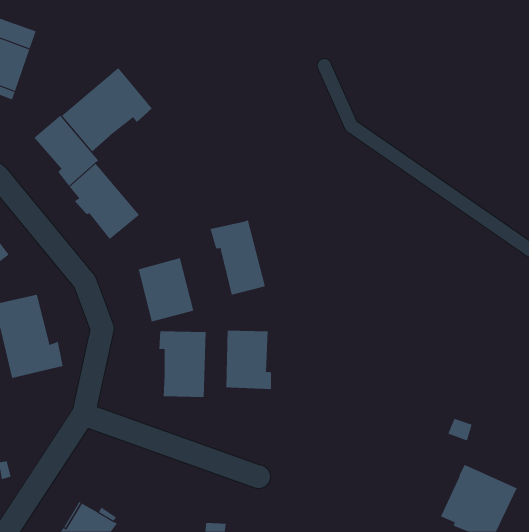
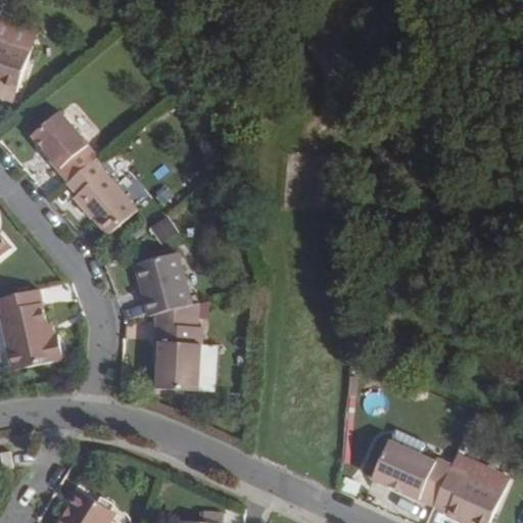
building: [61,67,153,152] -> none
building: [210,219,265,295] -> none
building: [226,330,272,390] -> none
building: none -> [370,438,449,506]

